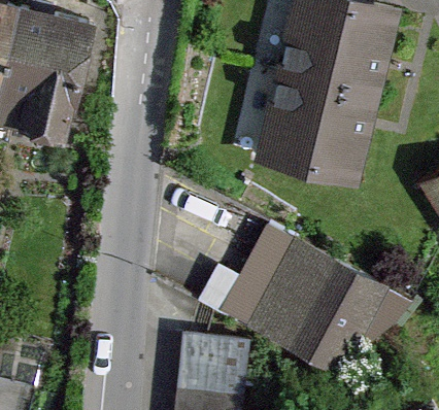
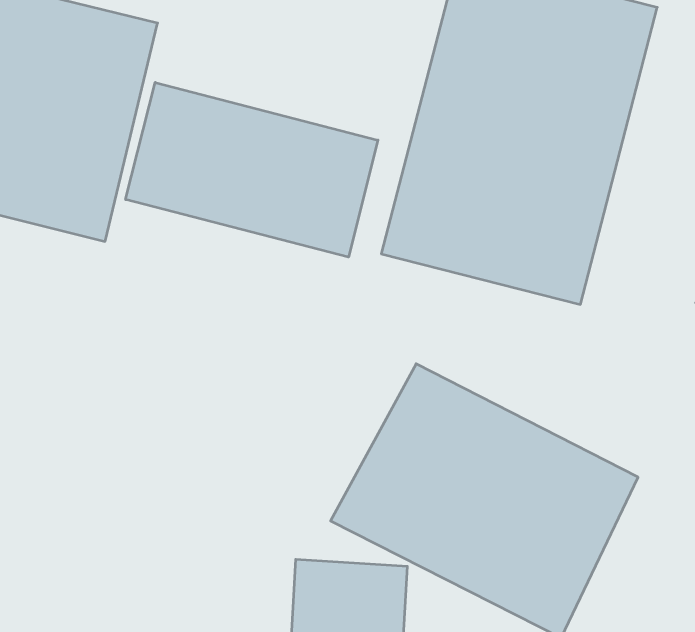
building: none -> [126,82,378,257]

